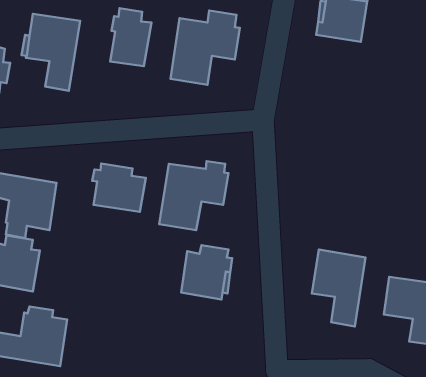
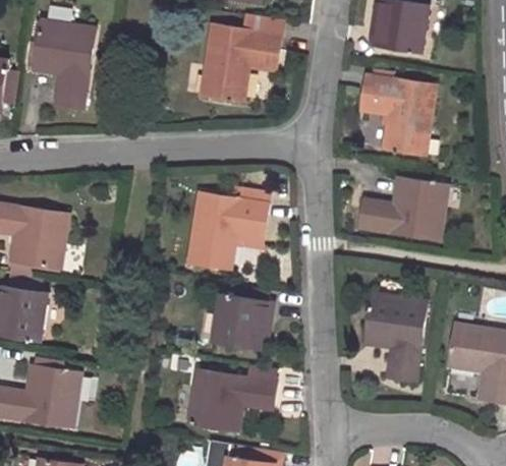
building: [110,8,152,66] -> none
building: none -> [360,70,436,155]
building: none -> [358,177,447,240]
building: [92,164,146,212] -> none
building: none -> [187,366,275,432]

